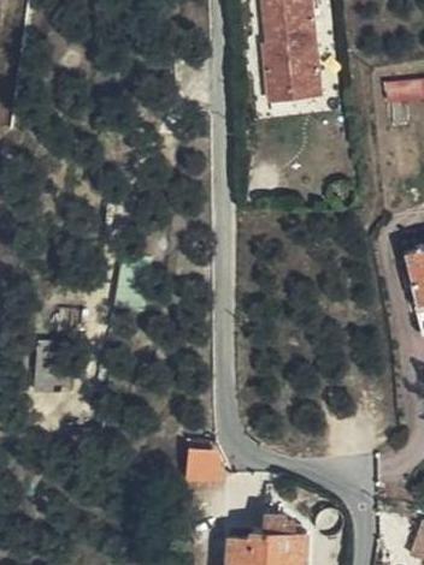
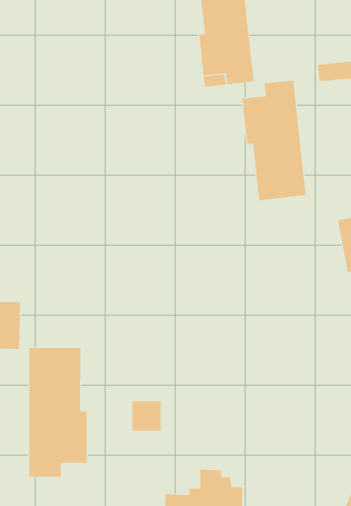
building: none -> [242,80,306,201]
building: none -> [29,347,87,477]

